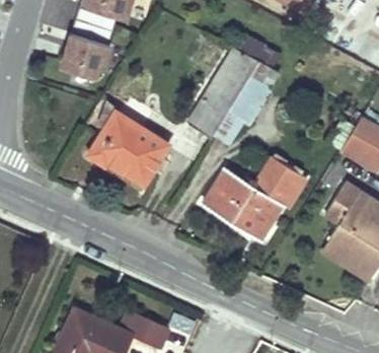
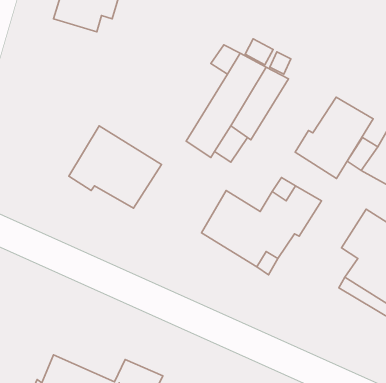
building: [60,20,112,79] -> none
building: none -> [295,97,373,178]

